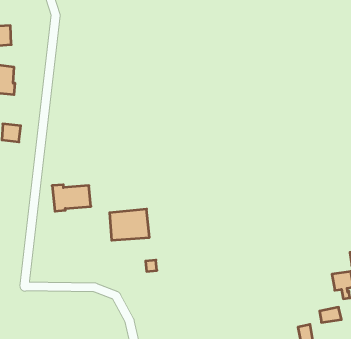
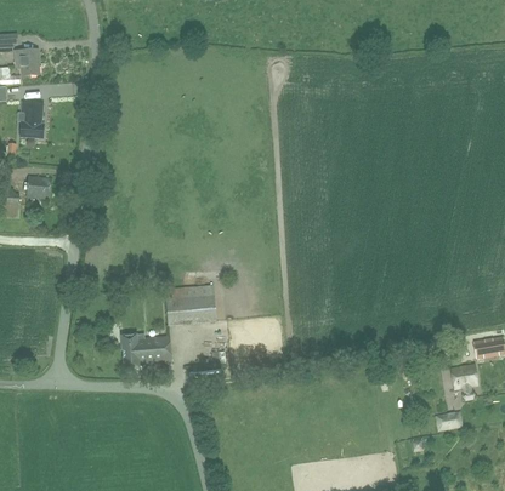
building: [52,185,91,211] -> [120,332,170,366]

